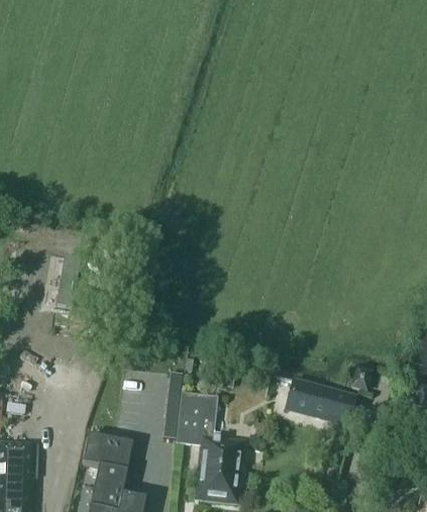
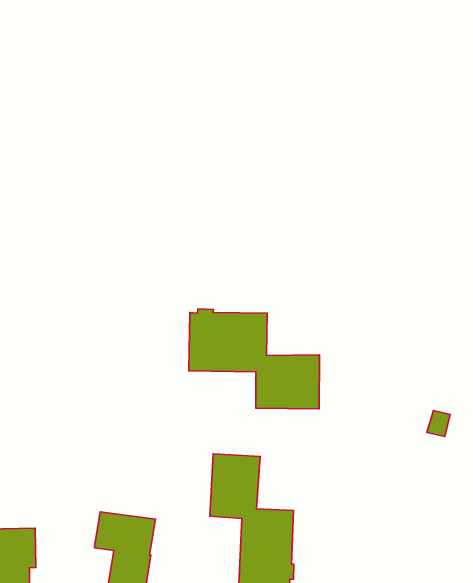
building: none -> [189,309,320,409]
building: [286,382,355,425] -> none

